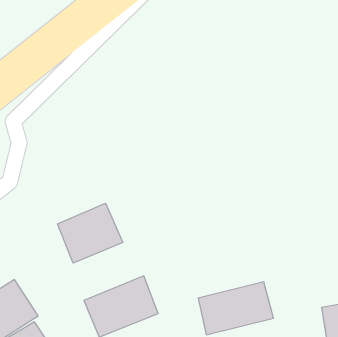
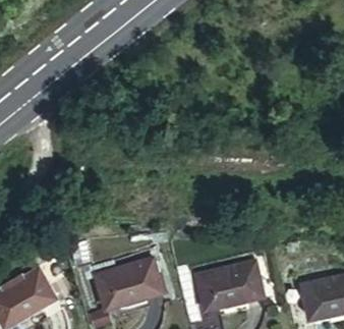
building: [57,203,123,263] -> none

